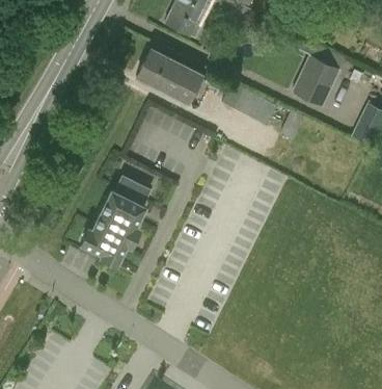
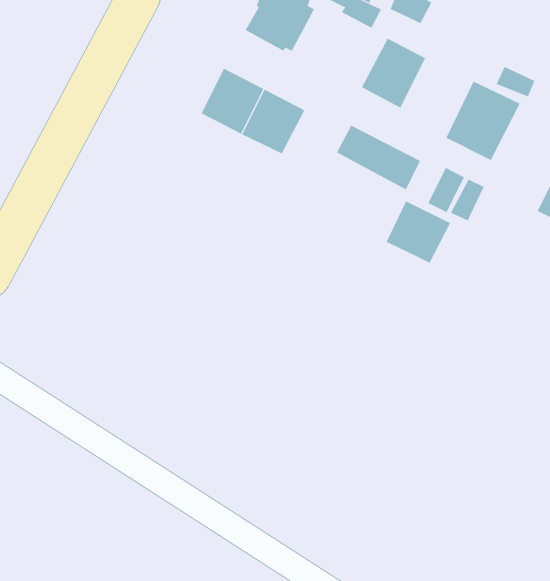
building: none -> [361,38,426,109]
building: none -> [386,200,451,263]
building: [79,178,151,268] -> none

